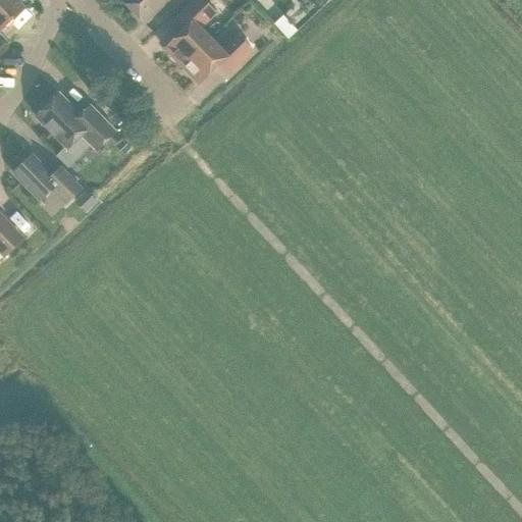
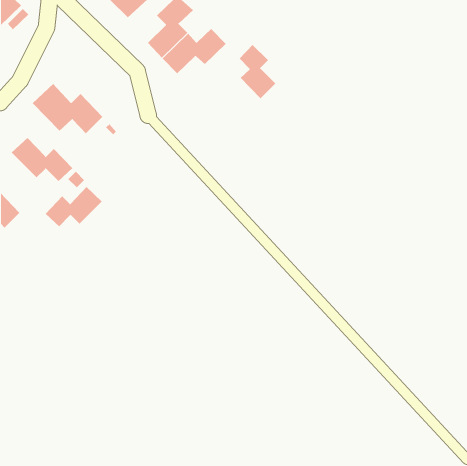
building: none -> [239,44,276,99]
building: none -> [45,186,103,227]

